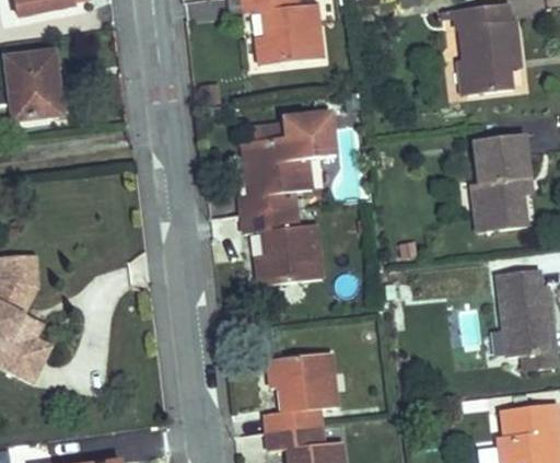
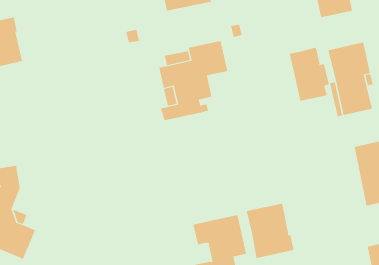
building: none -> [289,47,330,102]
building: [242,207,323,285] -> none
building: none -> [246,203,294,259]

